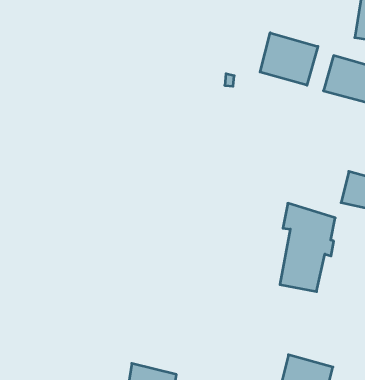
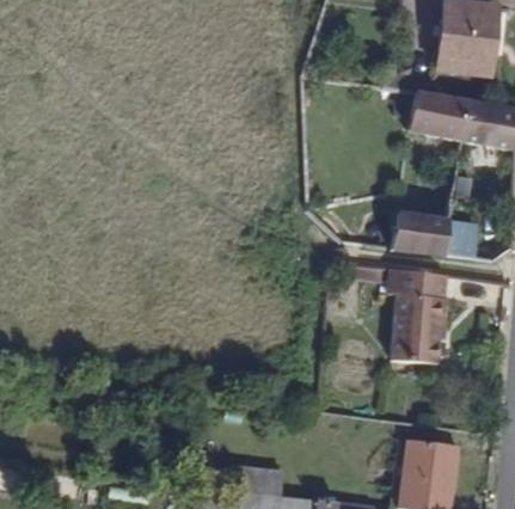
building: [260,33,318,85] -> none
building: none -> [390,214,450,257]

